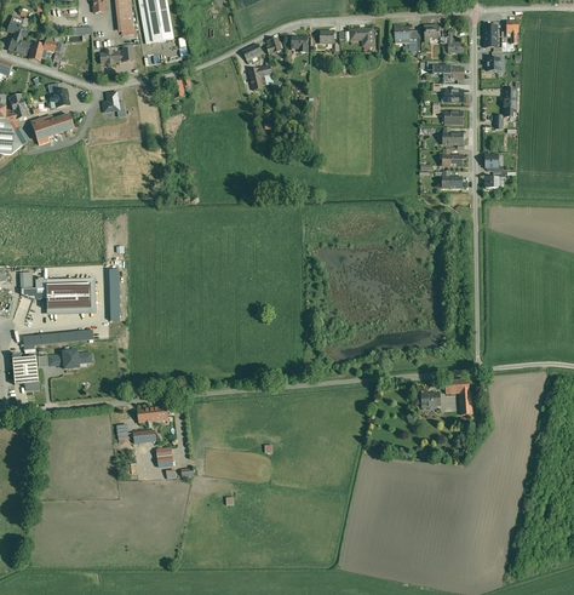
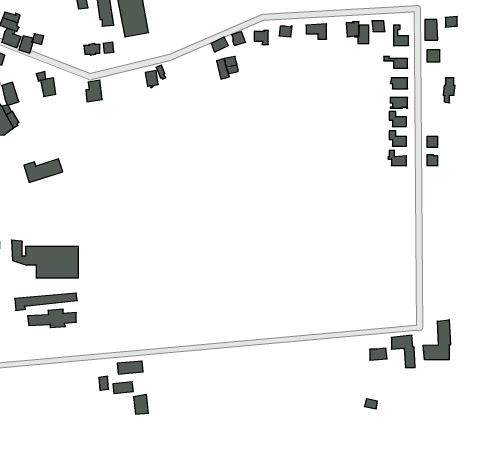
building: [30,114,74,141] -> [24,159,63,182]
building: [12,355,39,384] -> none
building: none -> [423,320,450,360]

